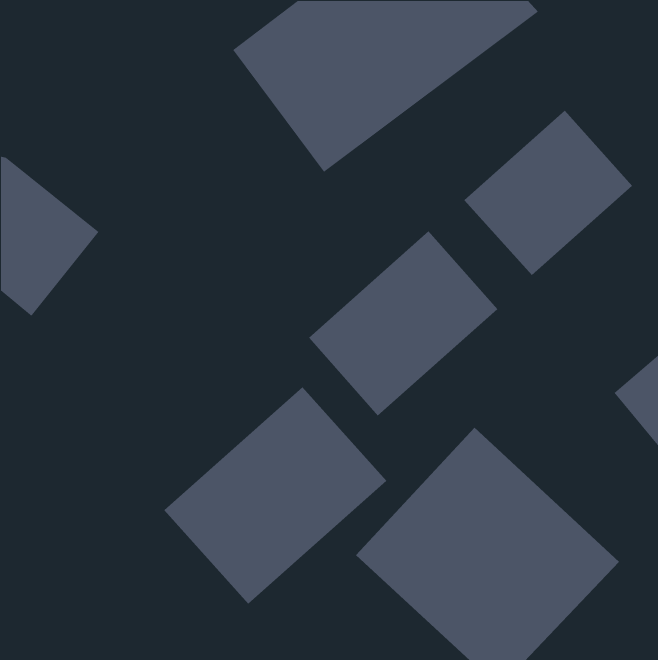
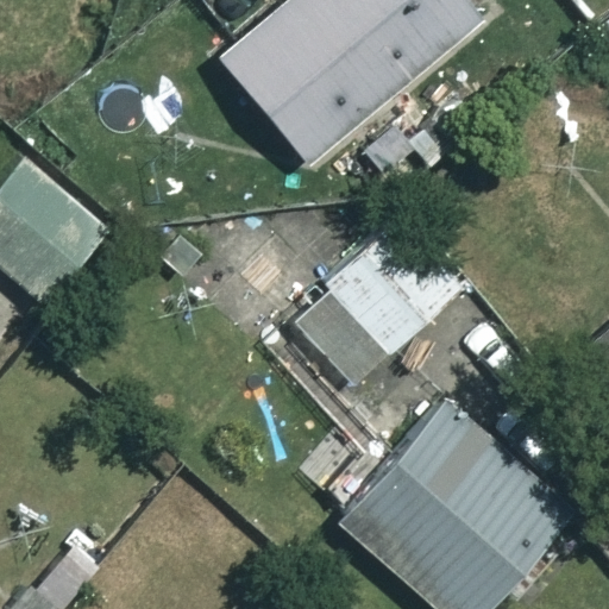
building: [464,110,633,276] -> none
building: [163,386,387,604] -> none

